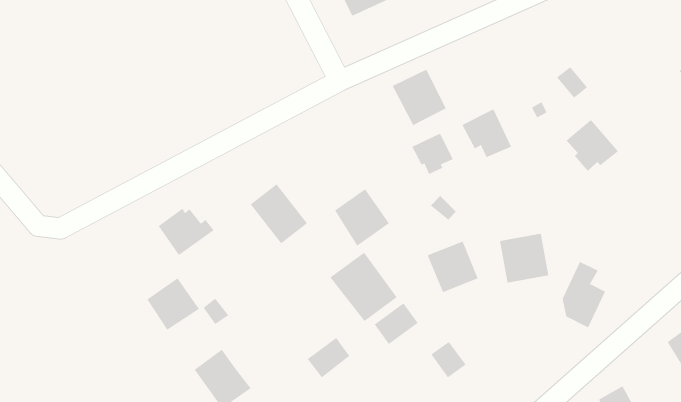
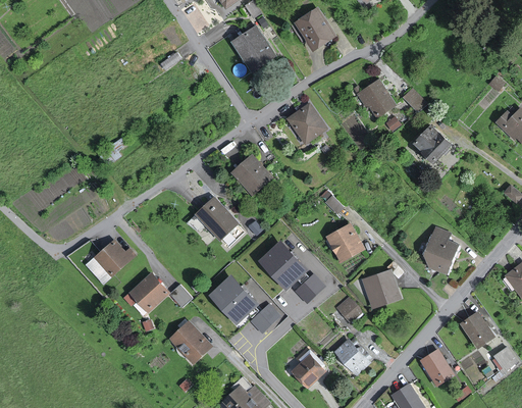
building: [462,109,512,158] -> [357,80,395,115]
building: [412,133,453,175] -> none
building: [334,189,390,246] -> [232,154,273,196]
building: [158,208,215,256] -> [94,242,135,276]
building: [499,233,549,283] -> [362,269,401,308]
building: none -> [209,274,259,324]

